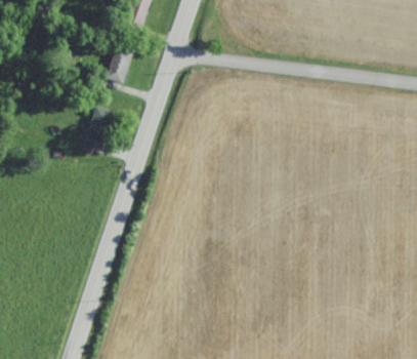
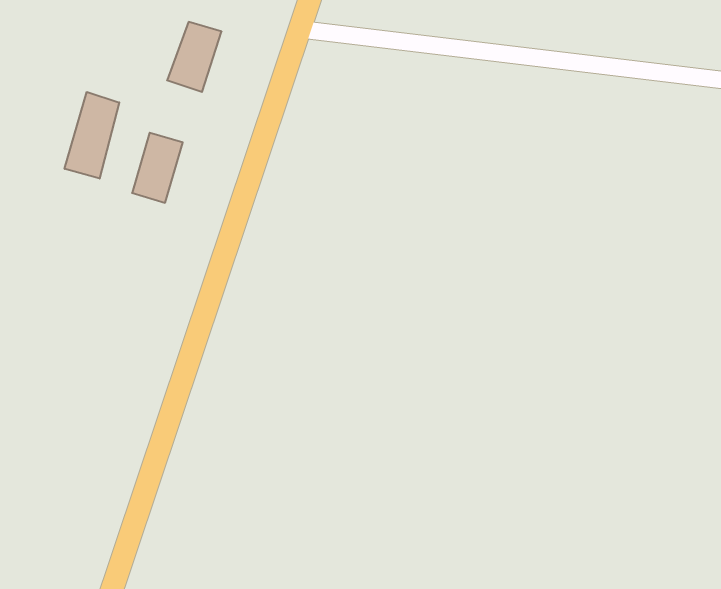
building: none -> [65,92,119,179]

